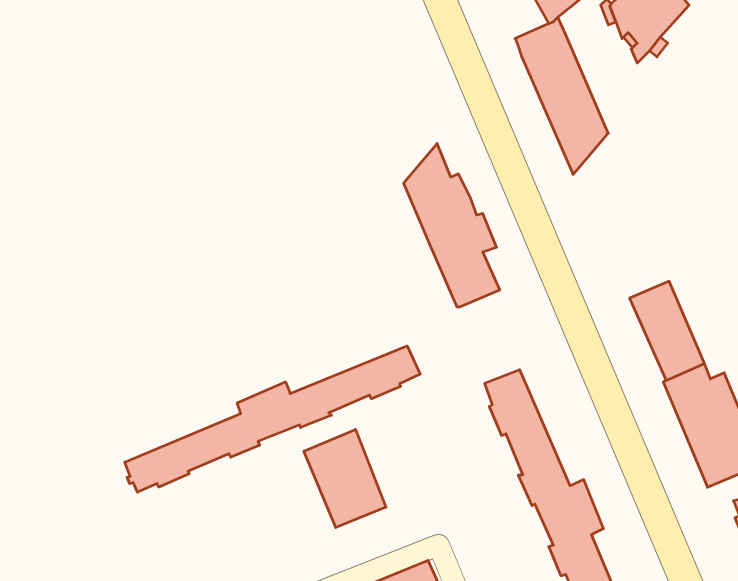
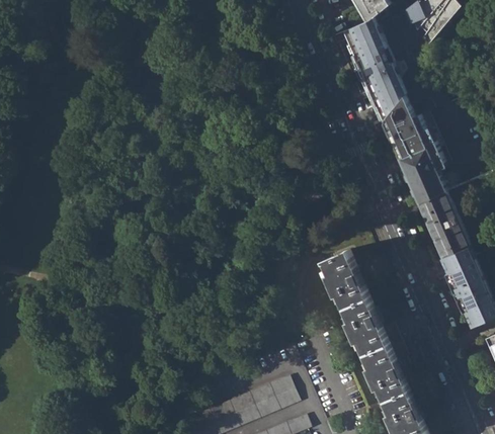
building: [404,143,500,307] -> [382,96,445,204]
building: [125,346,420,492] -> none
building: [304,429,386,528] -> none

